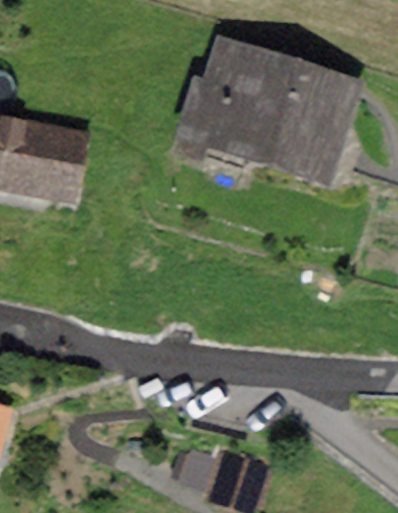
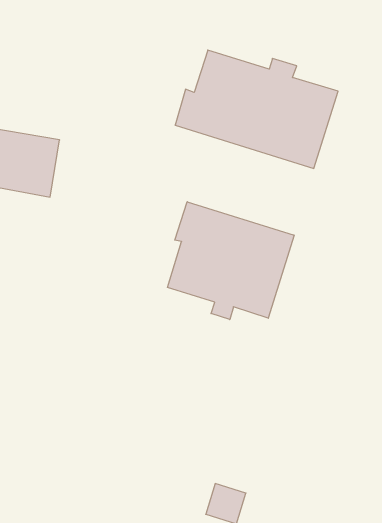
building: none -> [168,202,294,320]

